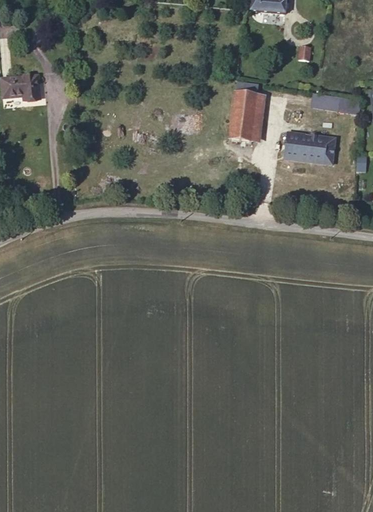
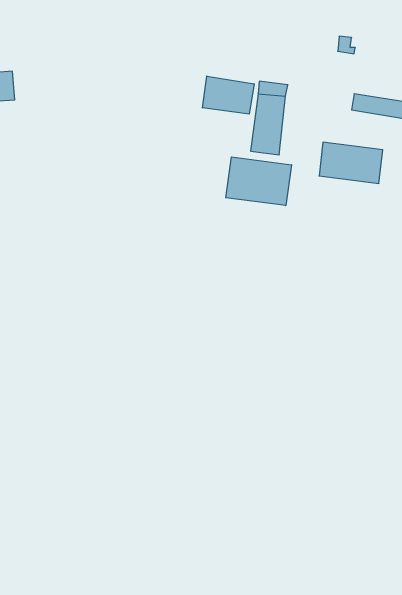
building: none -> [203,76,254,114]
building: none -> [226,157,291,206]

